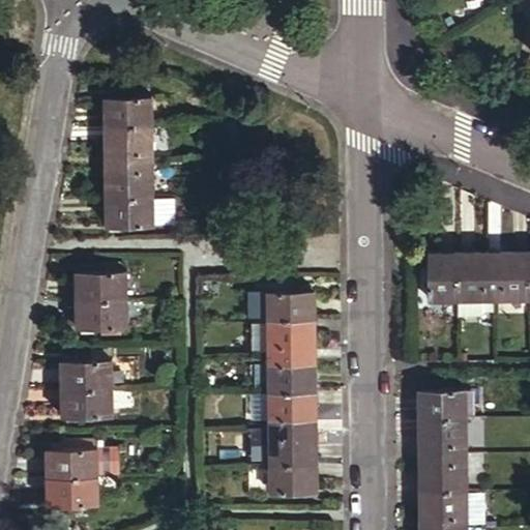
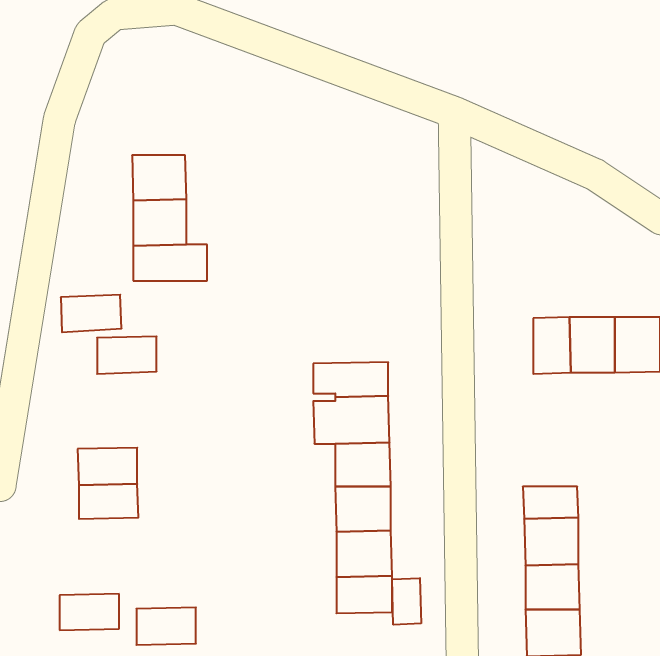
building: [107,99,149,128] -> none
building: [79,301,127,331] -> [61,295,122,332]
building: [49,450,96,480] -> [136,607,196,645]
building: none -> [392,578,421,625]

